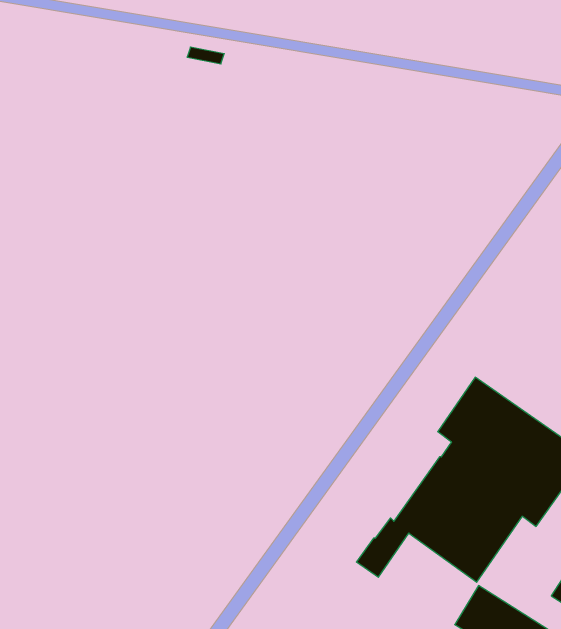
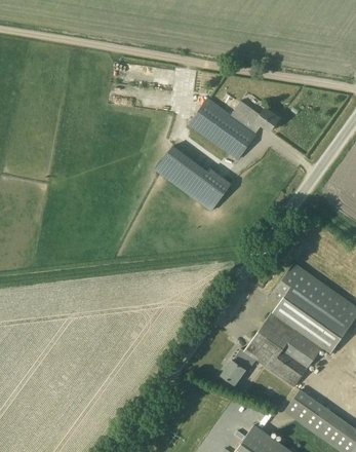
building: none -> [189,98,279,159]
building: none -> [156,146,231,211]

